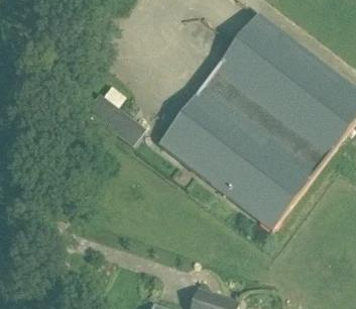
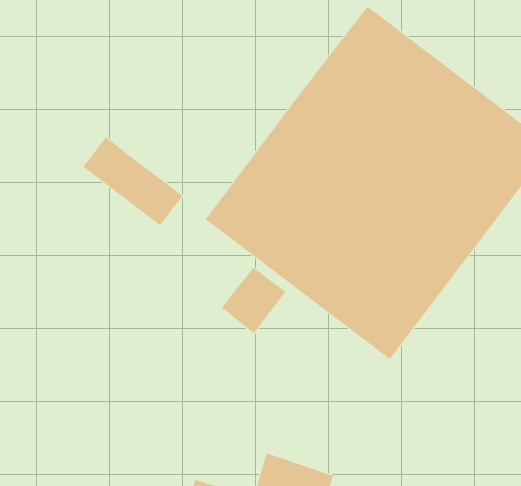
building: none -> [221,267,286,334]

